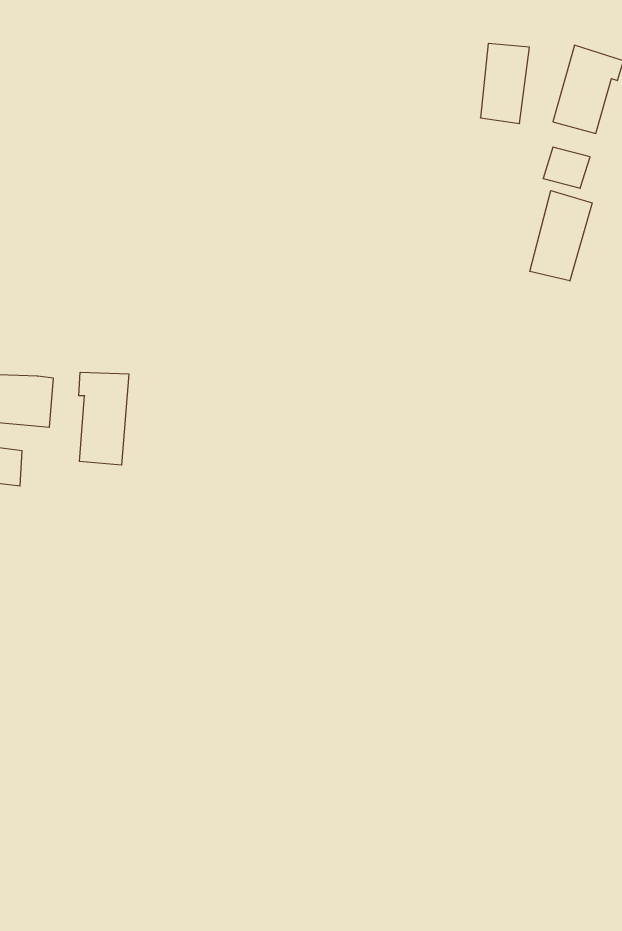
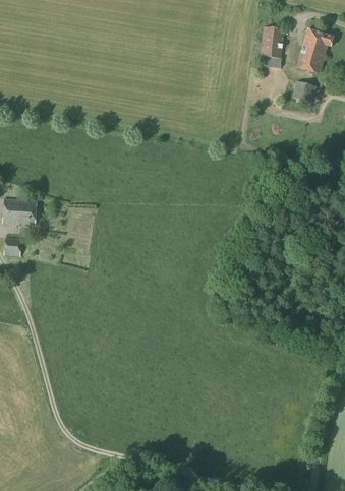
building: [530,191,592,281] -> none
building: [79,372,129,465] -> none

